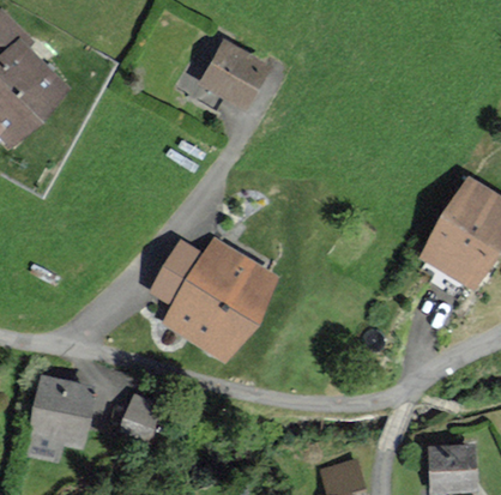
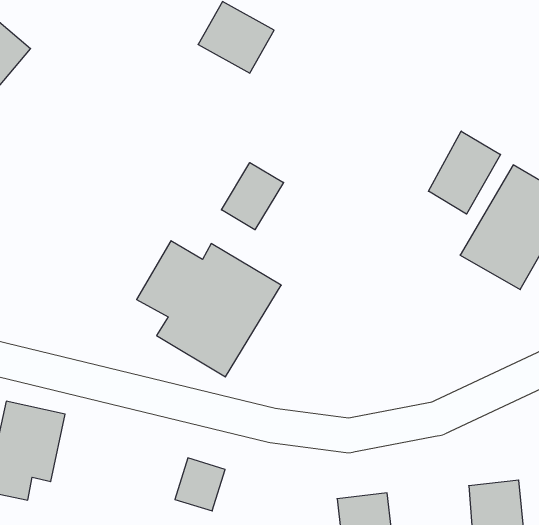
building: none -> [428,131,501,214]
building: none -> [221,163,284,230]
building: [123,388,165,433] -> [175,458,225,511]

